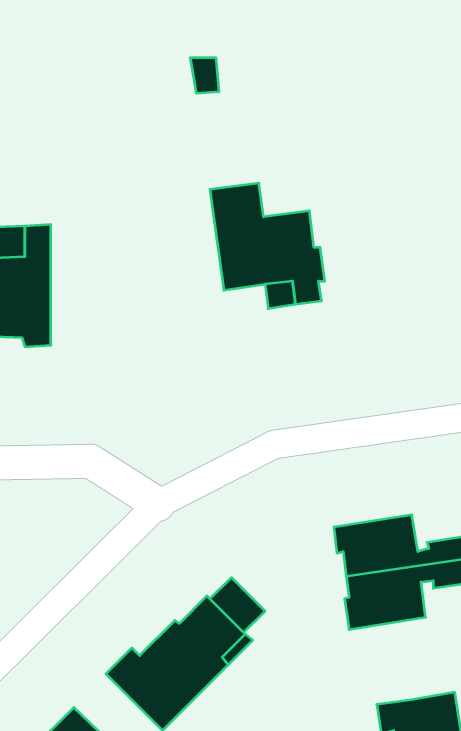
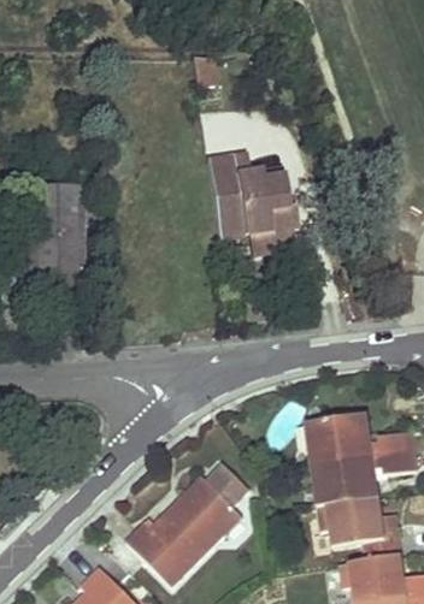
building: none -> [318,496,401,561]

